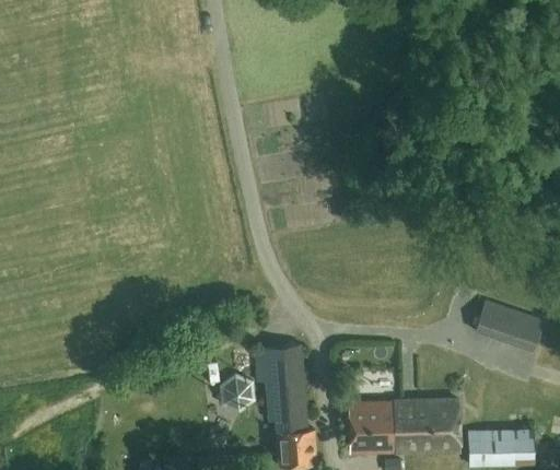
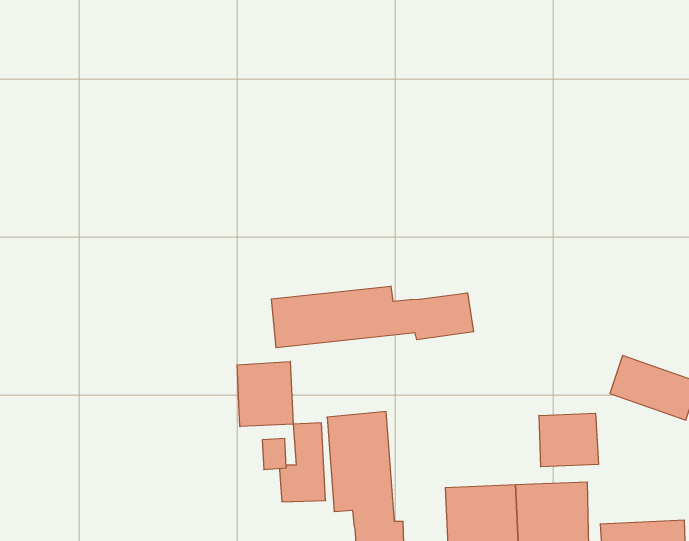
building: none -> [271,286,473,348]
building: none -> [237,361,293,427]
building: none -> [539,413,598,467]

